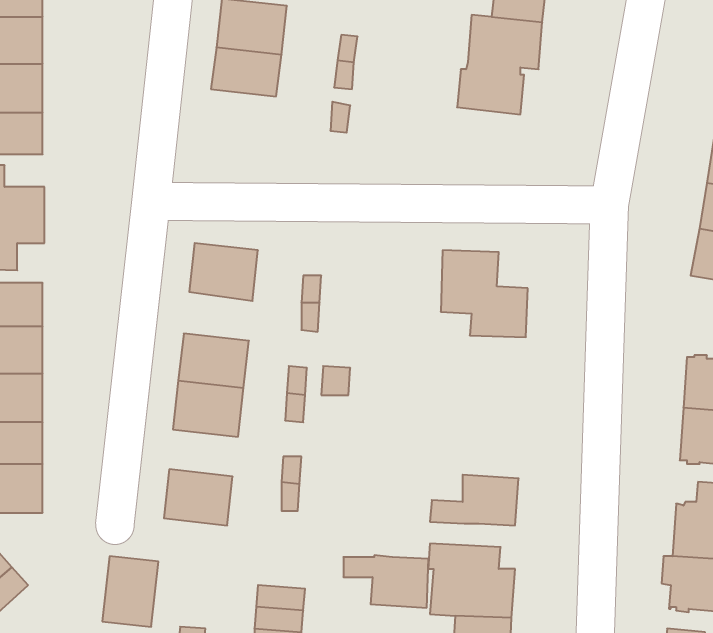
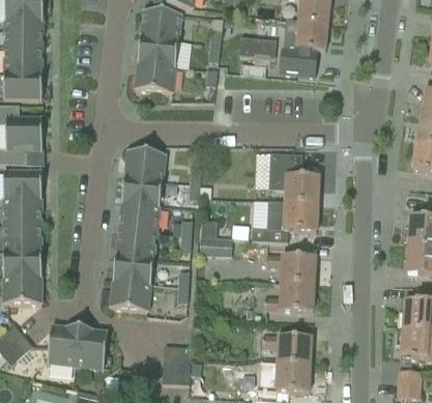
building: none -> [238,36,277,58]
building: none -> [135,61,175,93]
building: none -> [122,177,162,205]
building: none -> [252,200,318,241]
building: none -> [200,236,232,254]
building: none -> [114,256,153,283]
building: none -> [48,325,80,366]
building: [343,555,428,608] -> [266,254,315,284]

